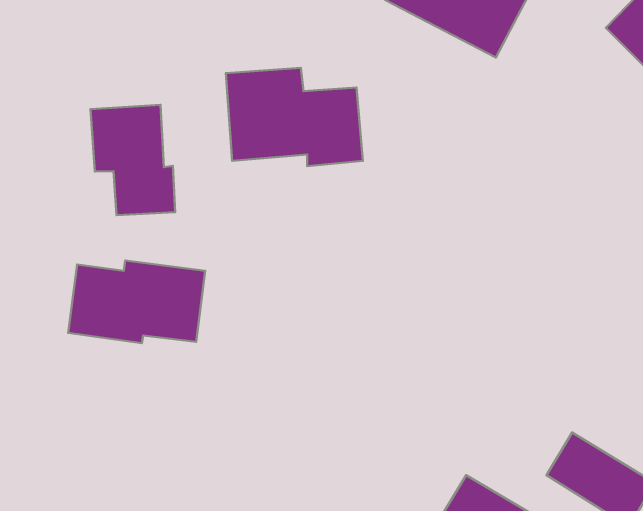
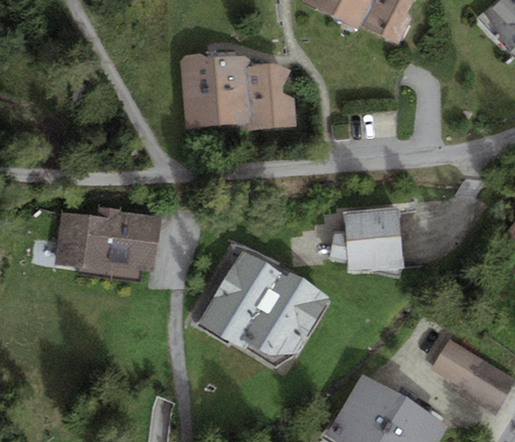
building: [91,105,175,215] -> none
building: none -> [331,206,405,272]
building: none -> [201,250,334,354]

